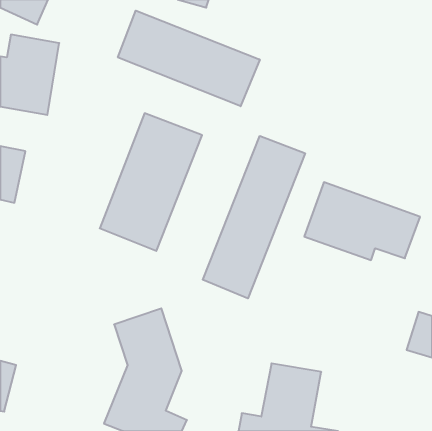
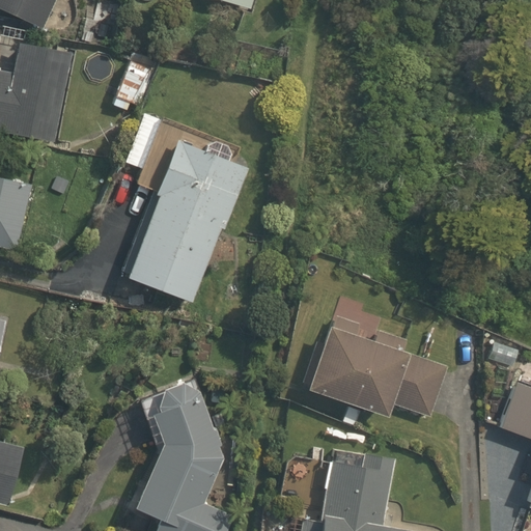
building: [118,11,260,106] -> none
building: [203,136,305,298] -> none
building: [304,182,420,260] -> [305,325,447,420]

